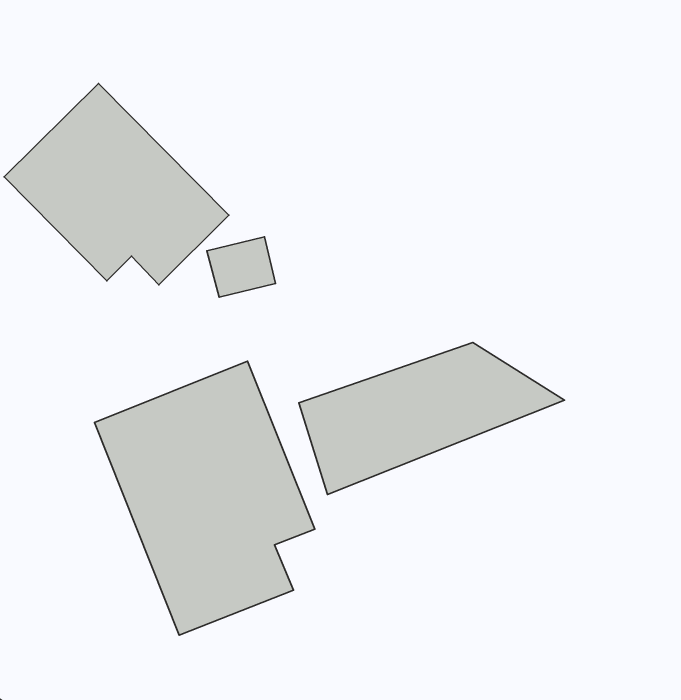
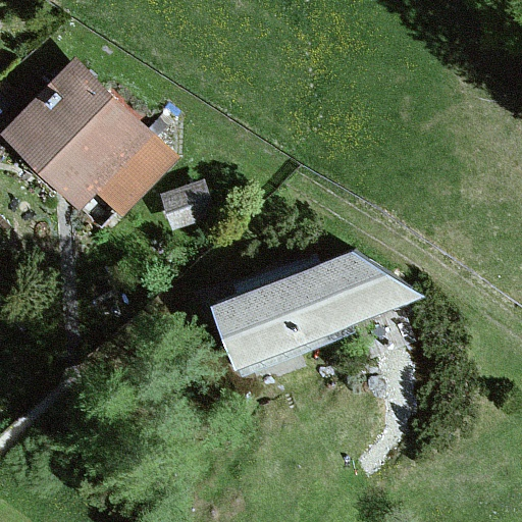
building: [94,361,315,635] -> none

